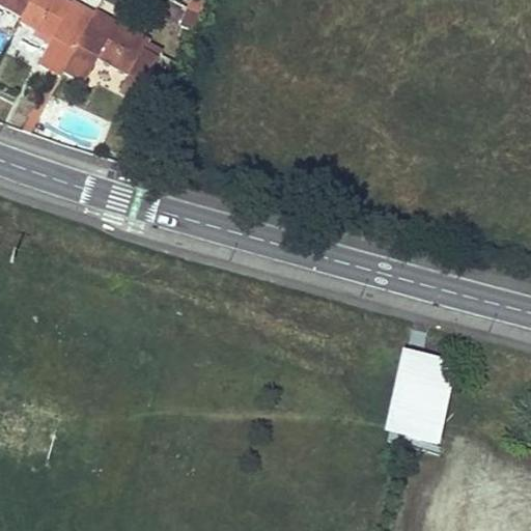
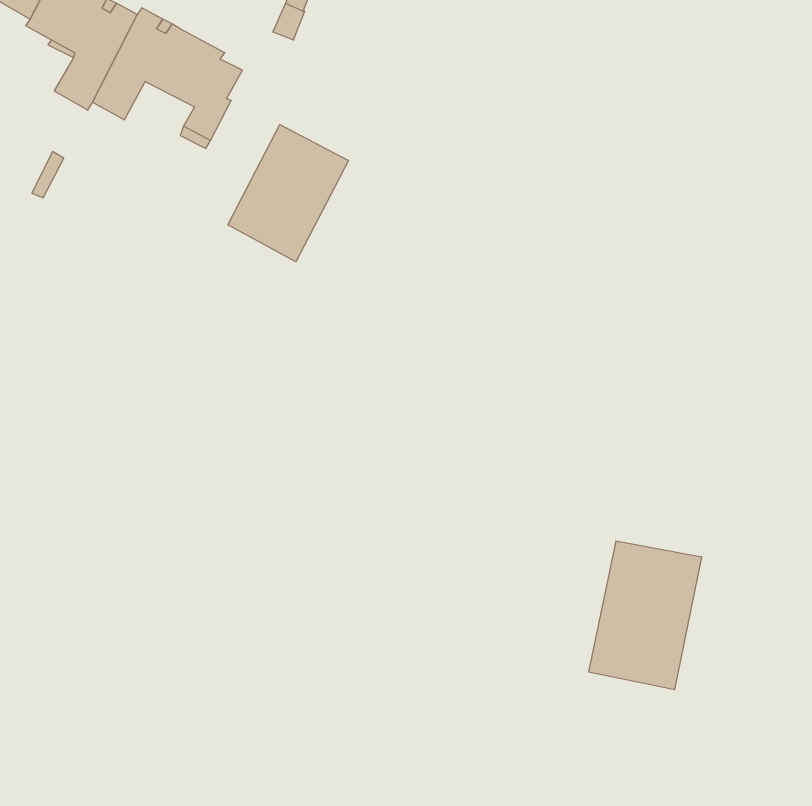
building: none -> [228,125,349,262]

